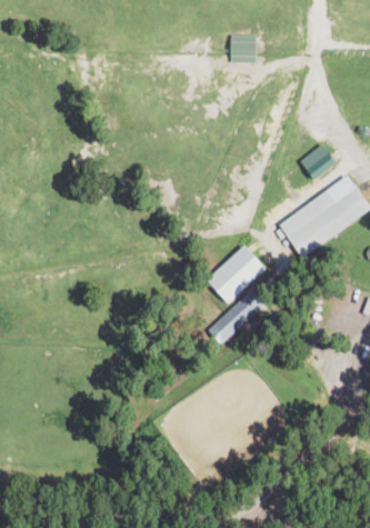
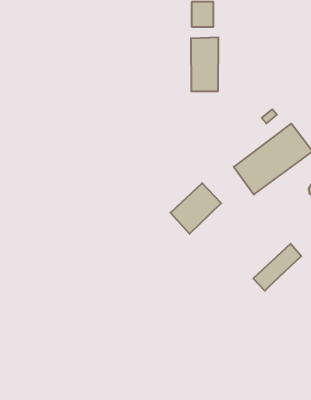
building: none -> [191,37,218,91]
building: [208,290,263,345] -> [253,244,301,291]

